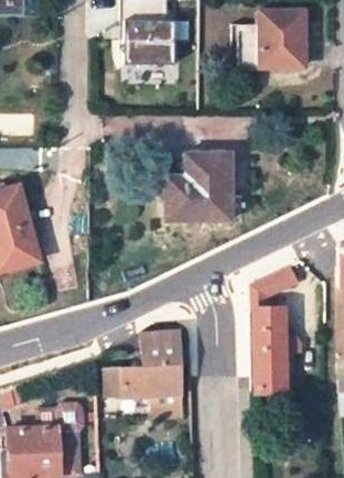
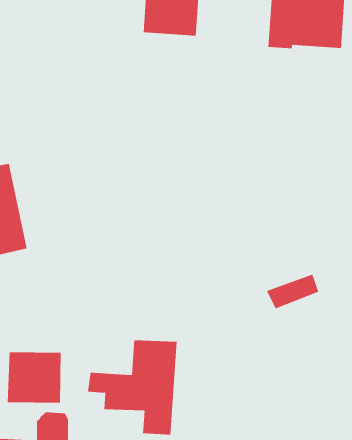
building: [169,154,230,220] -> none
building: [256,307,287,391] -> none
building: none -> [7,352,61,403]

